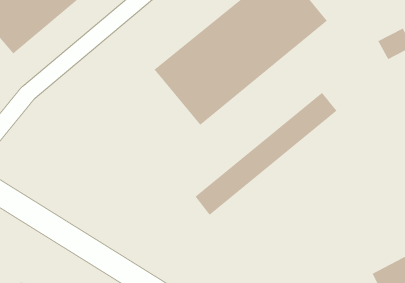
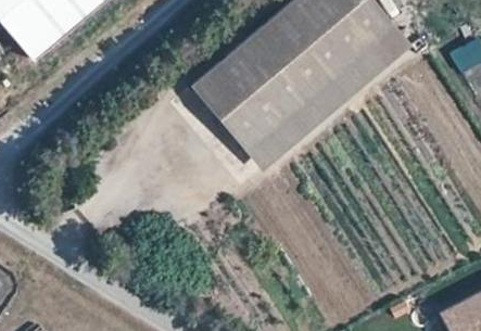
building: [194,92,337,216] -> [246,25,409,166]

